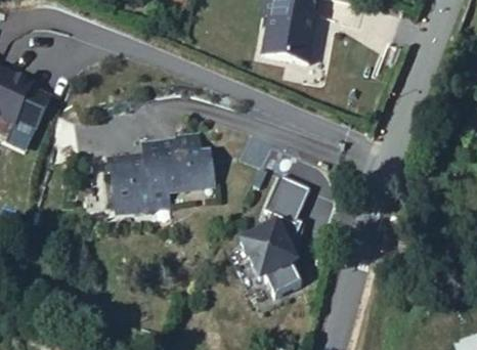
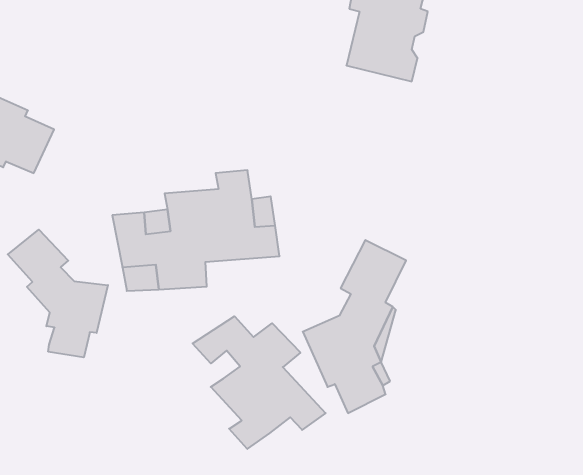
building: none -> [8,230,108,357]
building: none -> [193,316,326,449]

